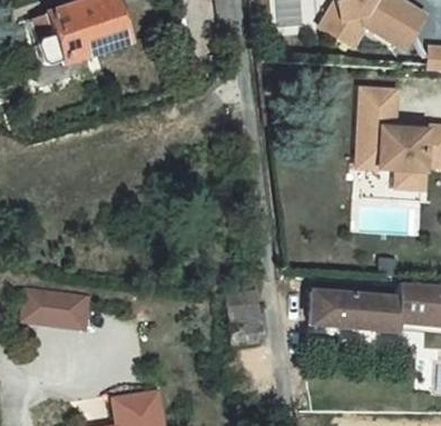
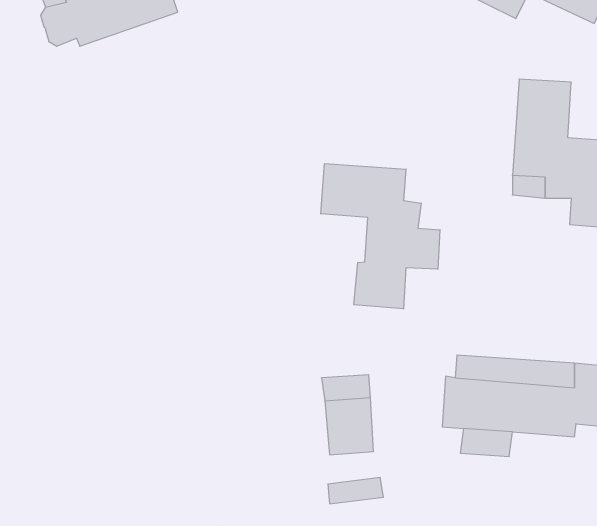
building: none -> [321,164,440,309]
building: [14,287,85,327] -> none

